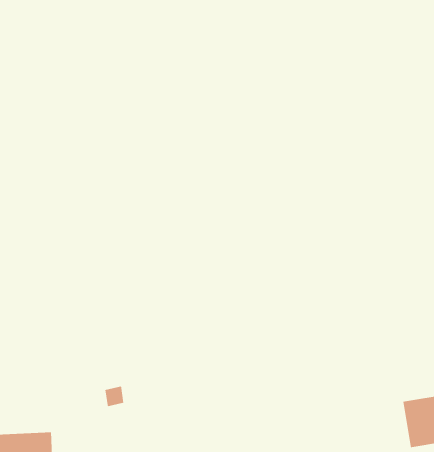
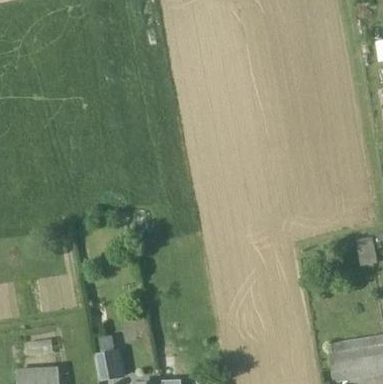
building: none -> [94,351,122,379]

